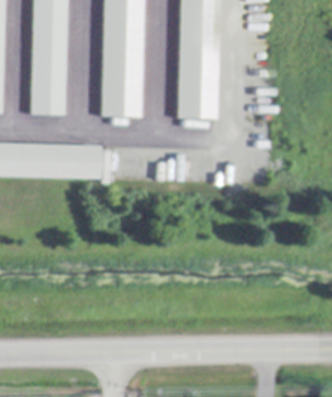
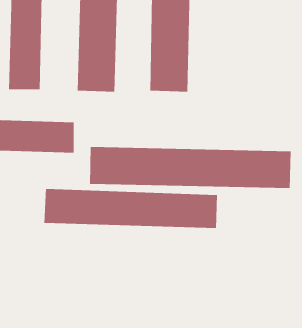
building: none -> [89,146,291,189]
building: none -> [44,188,217,229]

